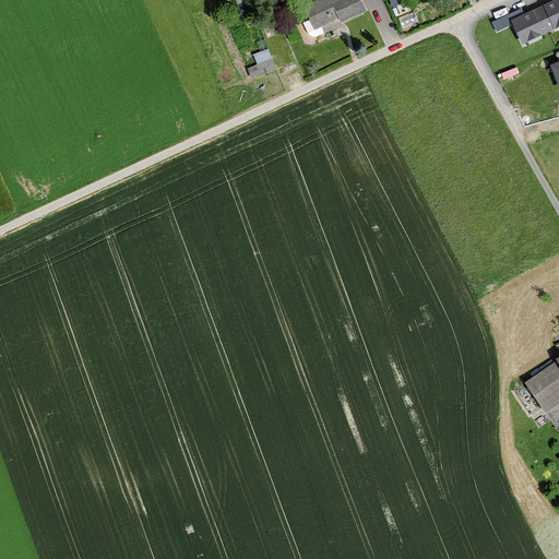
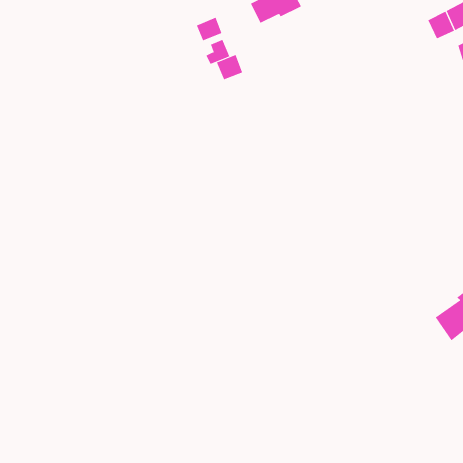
building: none -> [196,17,222,41]
building: none -> [216,54,243,80]

